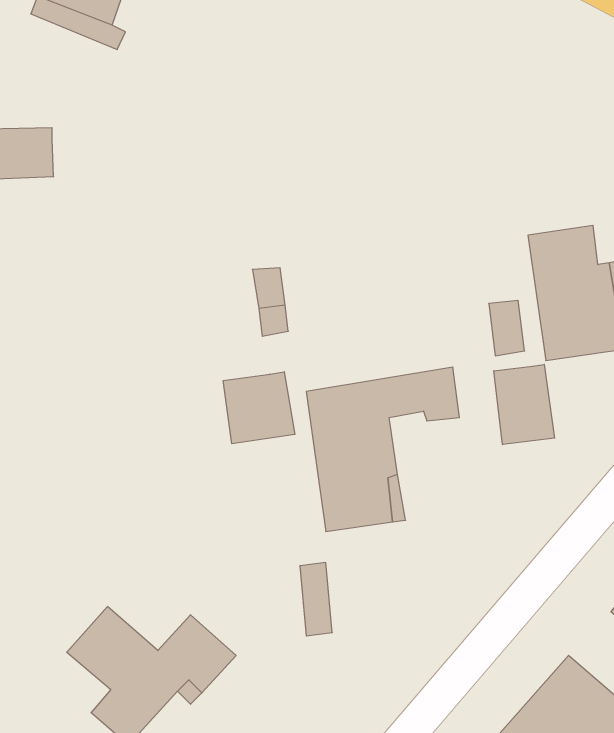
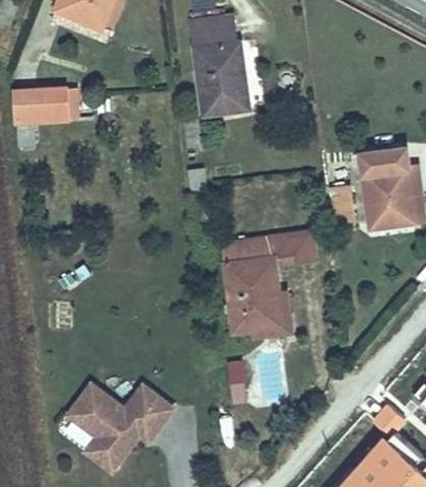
building: none -> [195,19,253,118]
building: [494,364,555,445] -> none
building: [223,372,295,444] -> none

